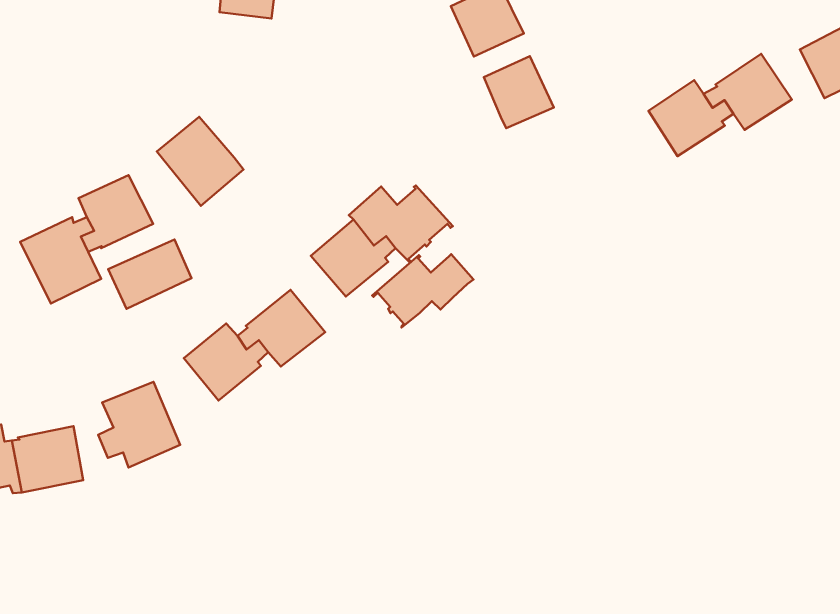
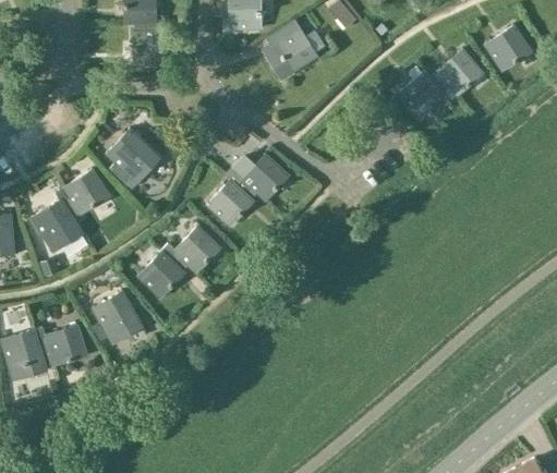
building: [484,56,554,128] -> none
building: [108,239,191,309] -> none
building: [372,254,473,328] -> none

